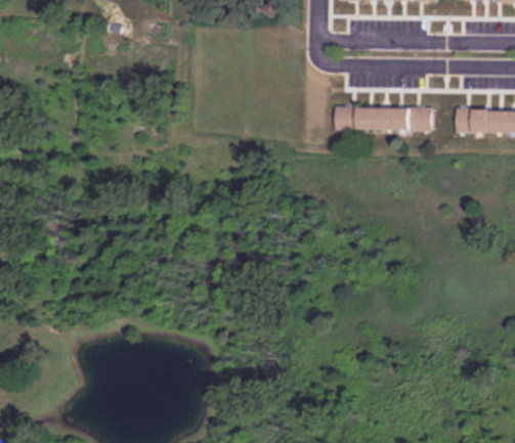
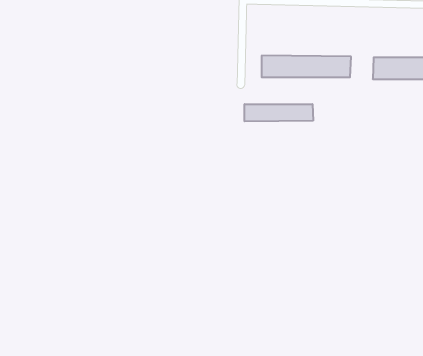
building: none -> [245,104,313,121]

